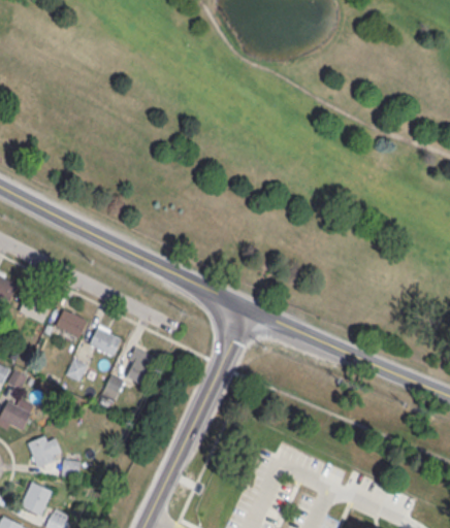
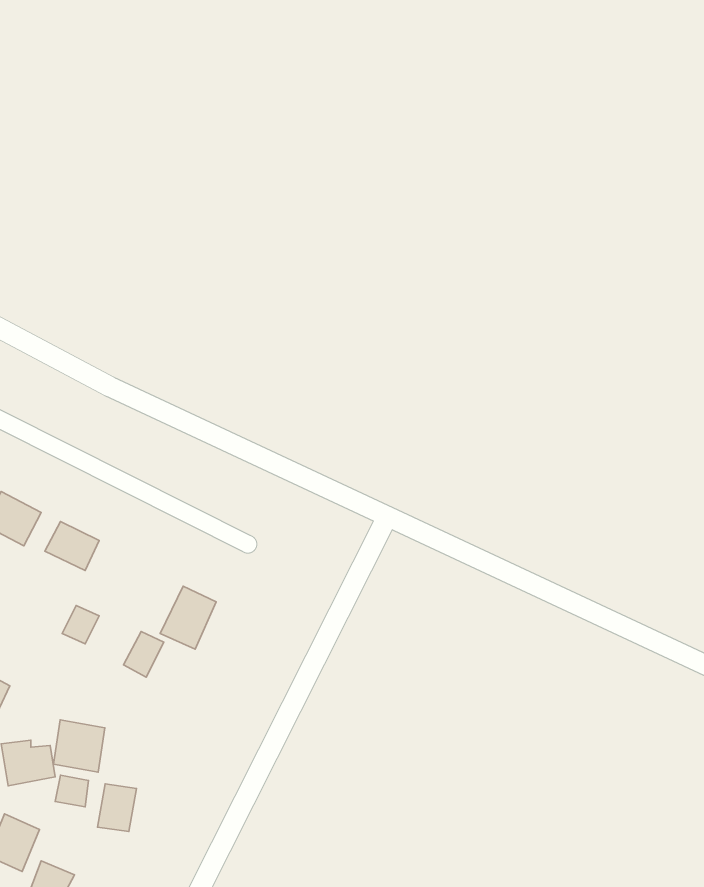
building: [89,325,123,357] -> none
building: none -> [53,720,105,772]
building: none -> [98,784,136,832]

